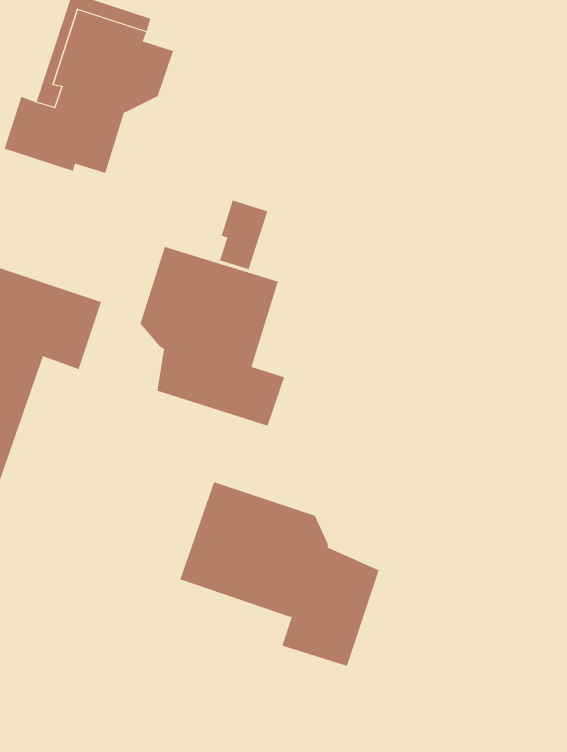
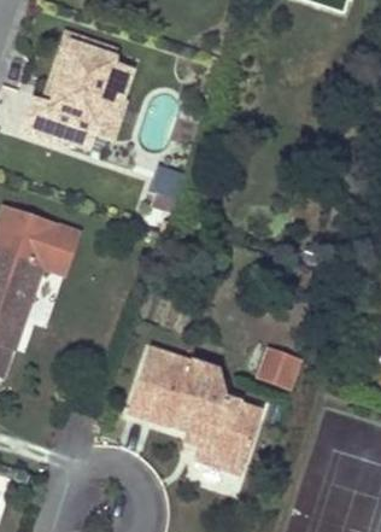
building: [140,246,285,426] -> none
building: none -> [260,350,306,391]

